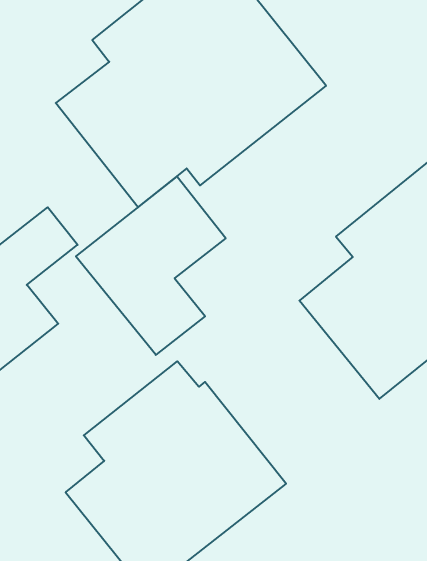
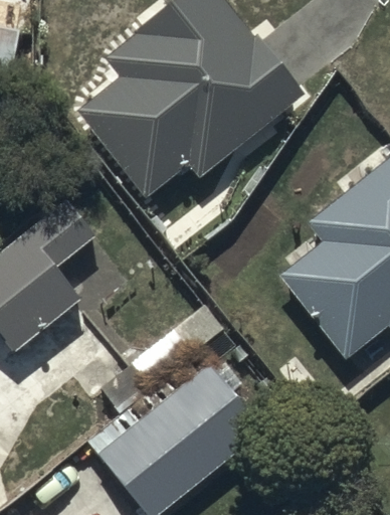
building: [76,177,226,355] -> none

